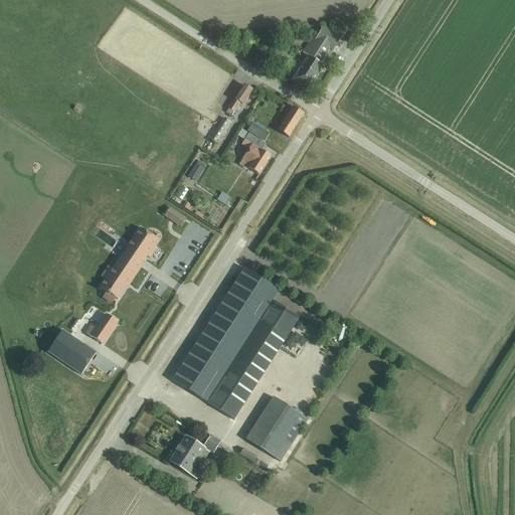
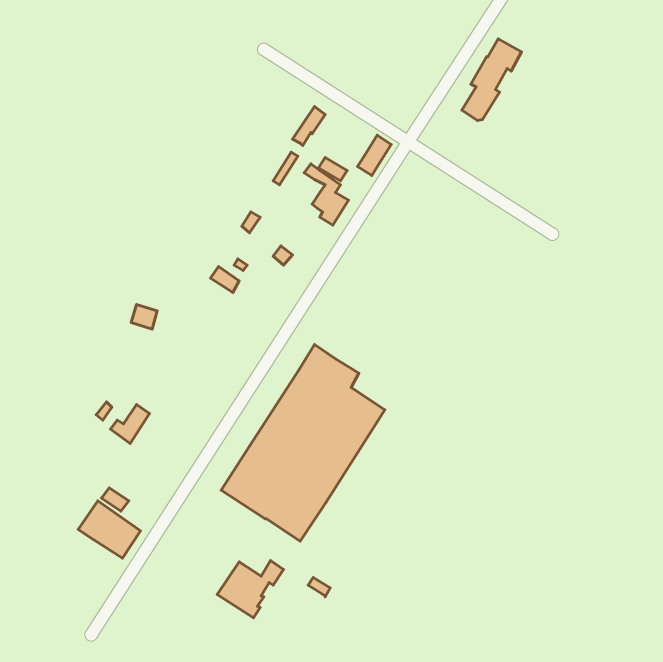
building: [293,23,339,87] -> [462,39,522,121]
building: [99,226,157,299] -> none
building: [46,329,95,373] -> [78,501,141,558]
building: [244,396,306,461] -> none

